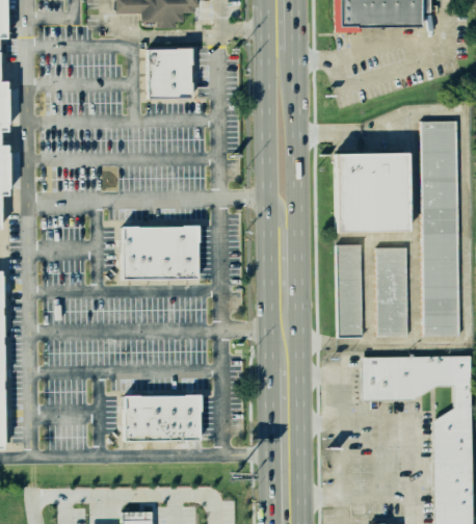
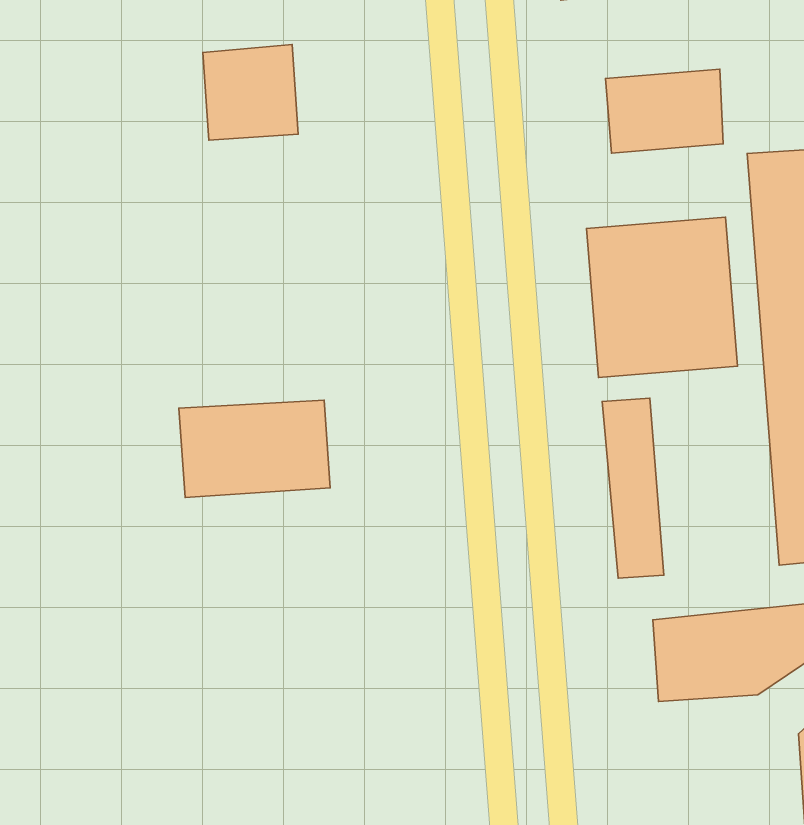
building: none -> [605,69,723,153]
building: [377,245,408,334] -> none
building: [122,393,197,440] -> none

